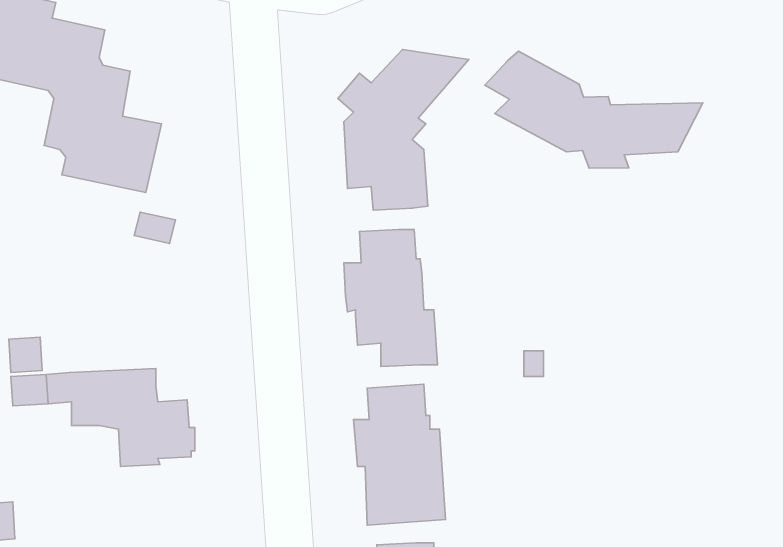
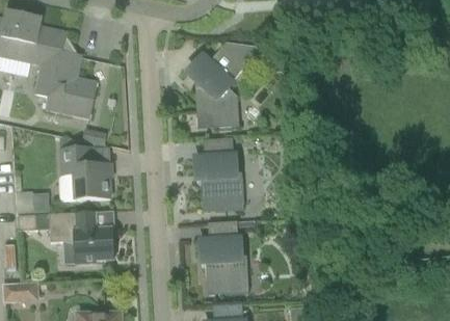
building: [485,51,703,168] -> none
building: none -> [58,146,111,200]

